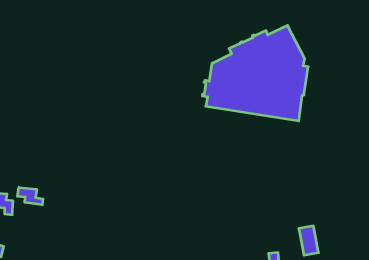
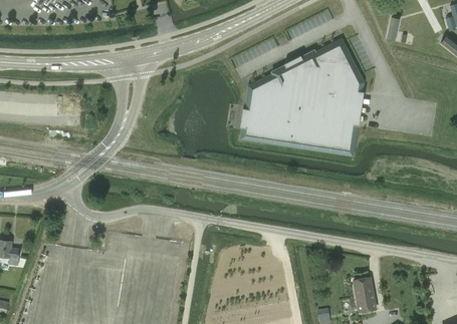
building: [17,187,43,205] -> none

